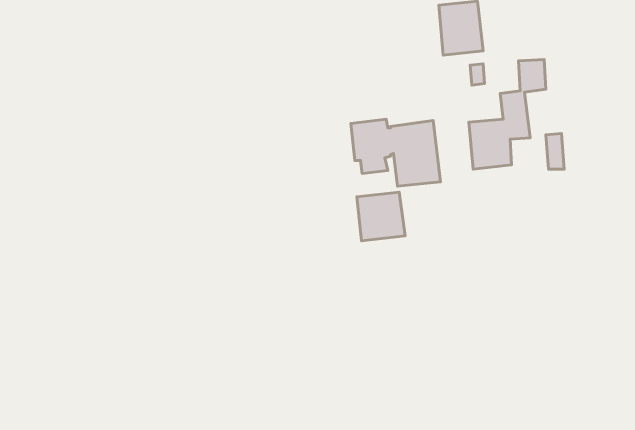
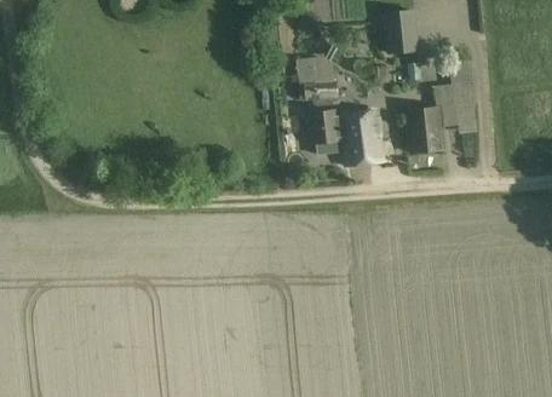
building: none -> [297,56,339,107]
building: [357,192,405,241] -> none

